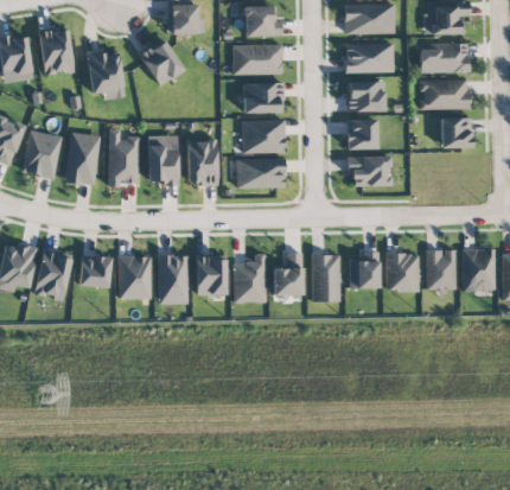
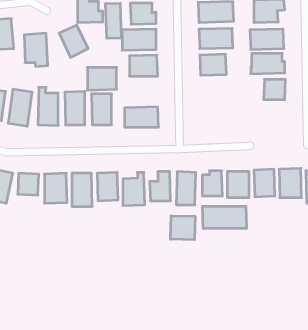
building: none -> [106,3,121,38]
building: [346,119,377,149] -> none
building: [242,120,285,153] -> [87,67,117,90]
building: [350,155,391,186] -> none
building: none -> [203,206,246,229]
building: none -> [171,216,195,240]

